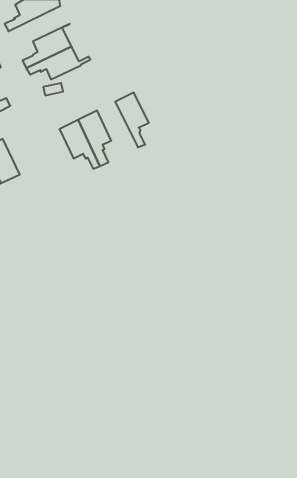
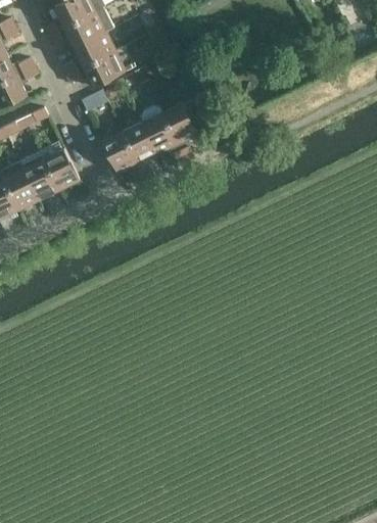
building: none -> [46,7,112,46]
building: none -> [139,104,186,164]
building: none -> [43,148,79,190]

